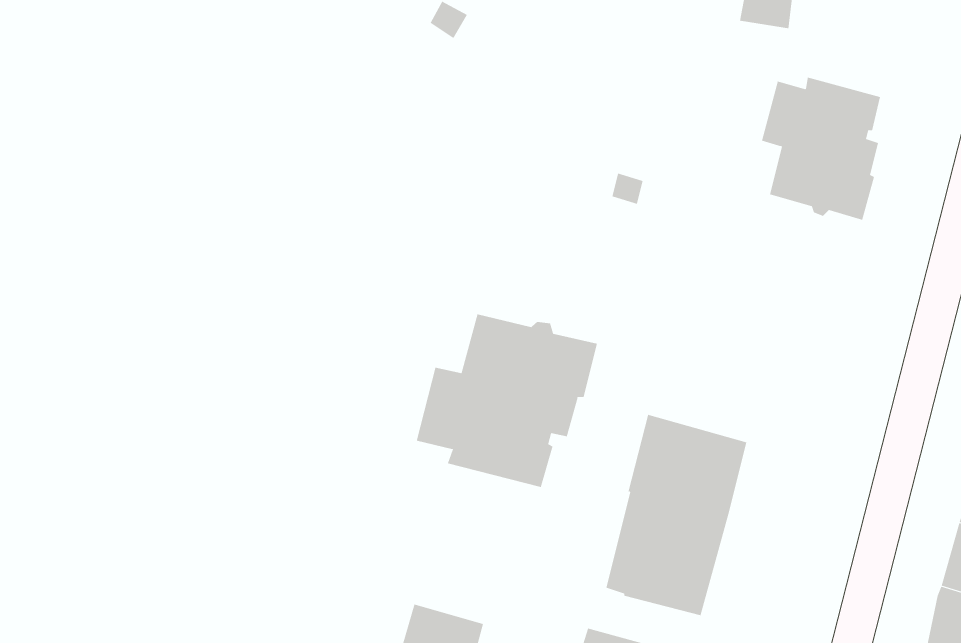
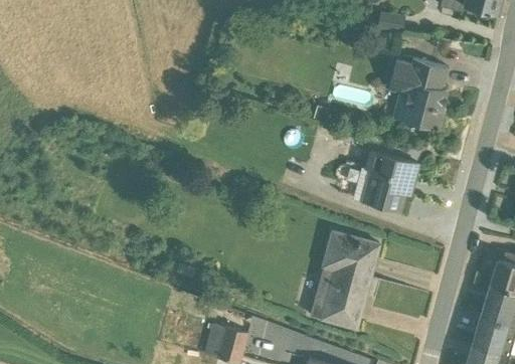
building: none -> [353,152,420,214]
building: [416,314,597,488] -> none

